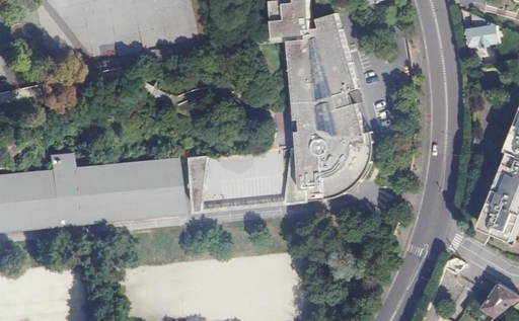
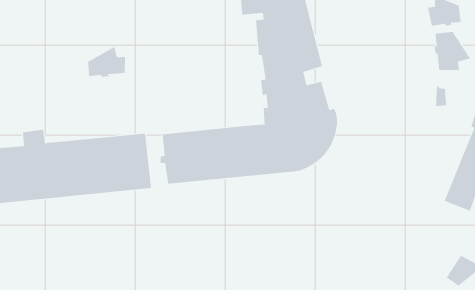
building: none -> [434,31,471,71]
building: none -> [87,46,126,77]

